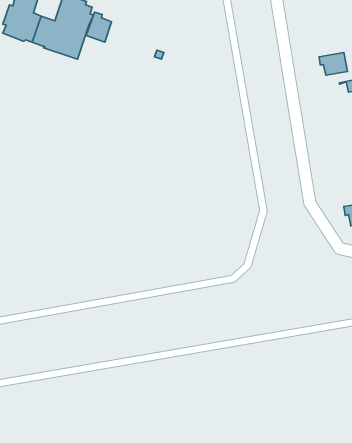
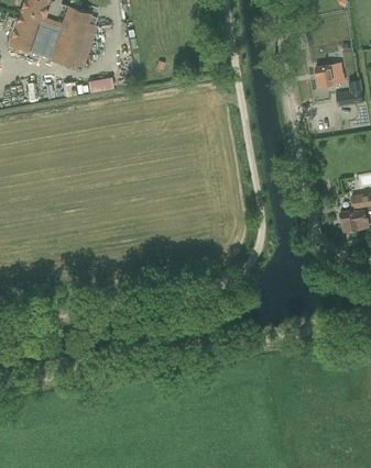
building: [86,12,112,42] -> none

